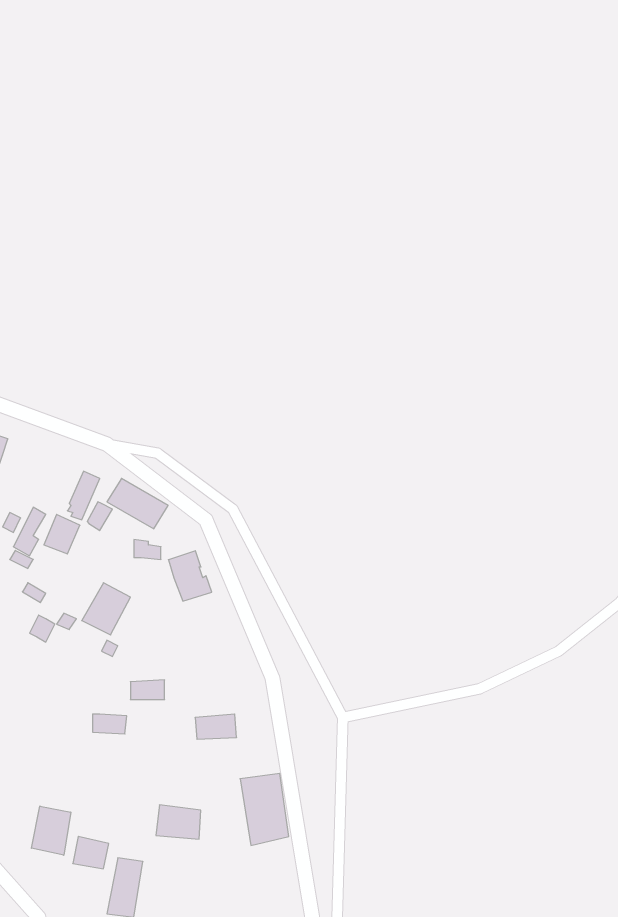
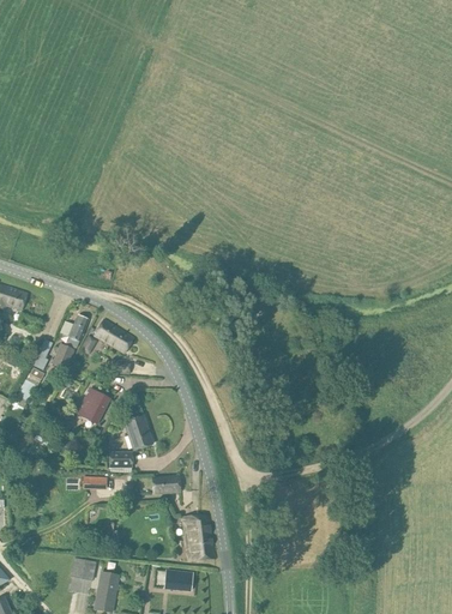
building: [168,551,212,601] -> [123,416,152,450]
building: [156,805,201,839] -> [163,568,193,591]
building: [31,806,71,855] -> none

